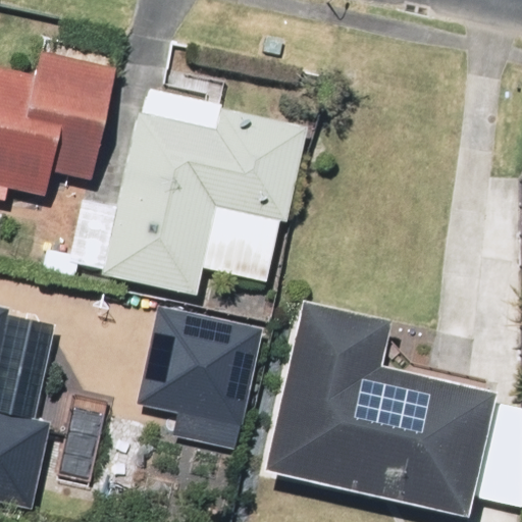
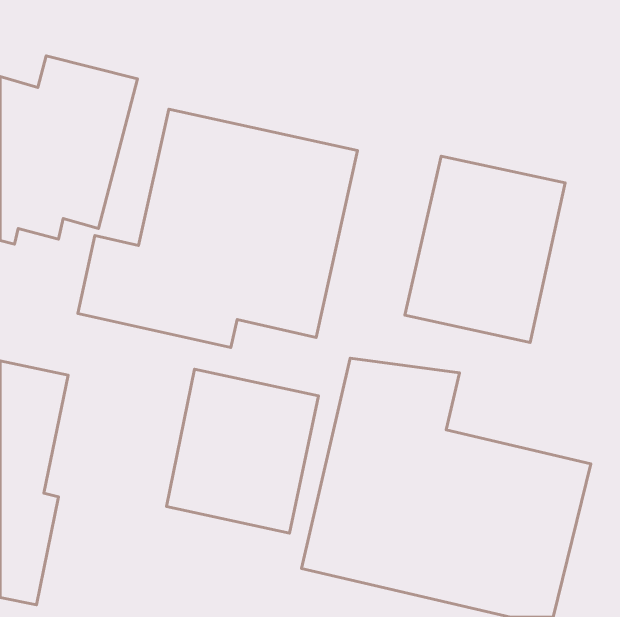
building: none -> [405,156,565,342]

